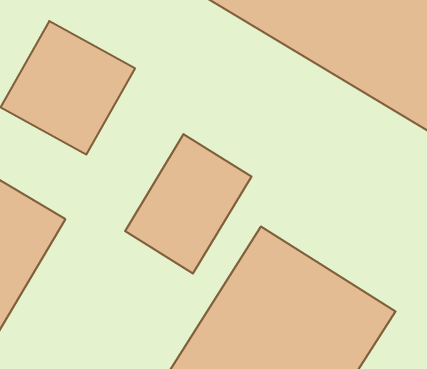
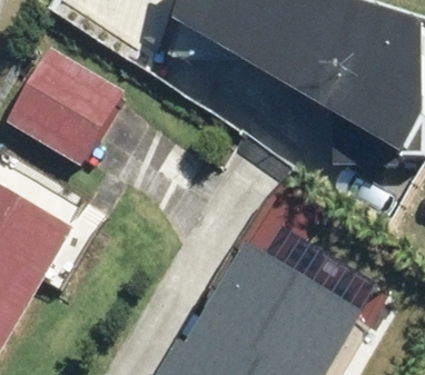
building: [125,134,251,274] -> none

